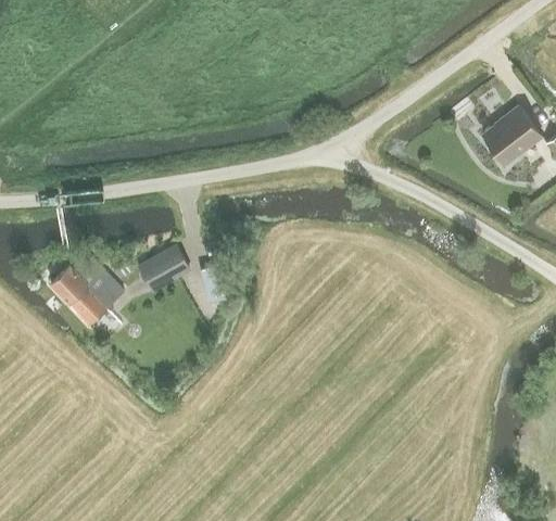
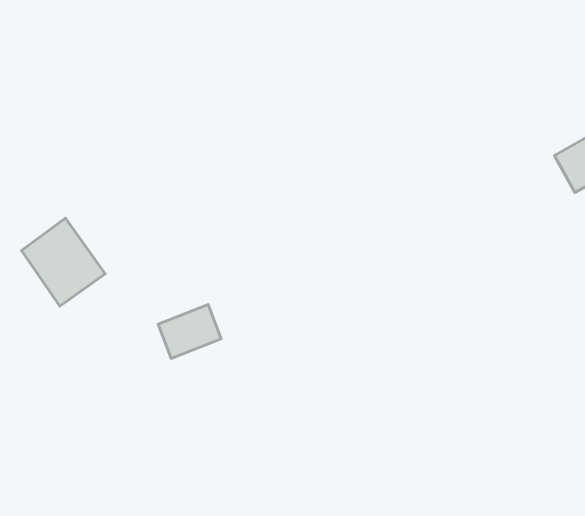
building: [136,244,190,294] -> [158,304,221,359]

